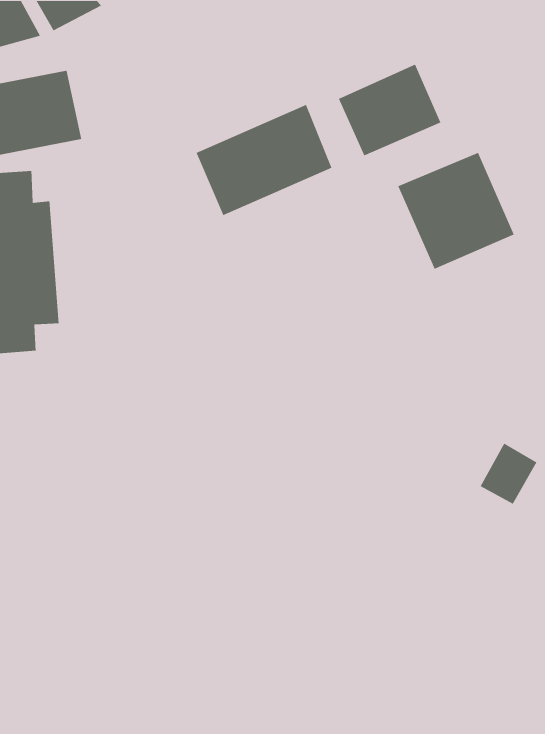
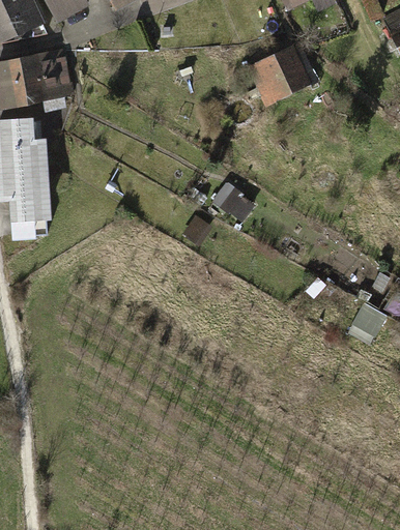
building: [195,104,333,216] -> none
building: [397,152,515,270] -> none
building: none -> [209,180,252,222]

